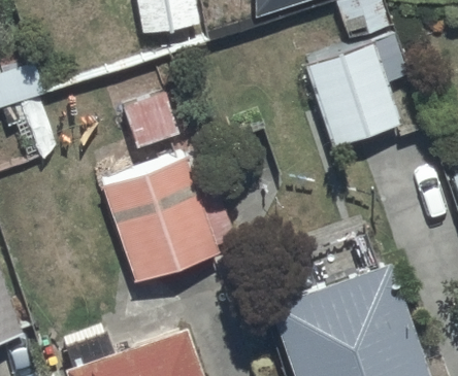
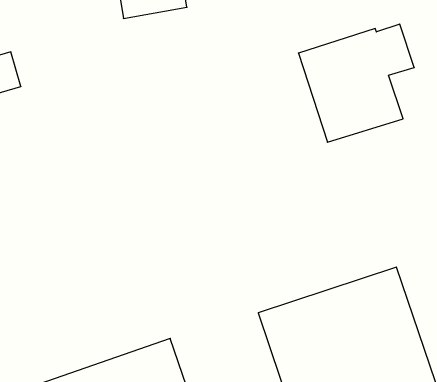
building: [102,156,220,282] -> none

